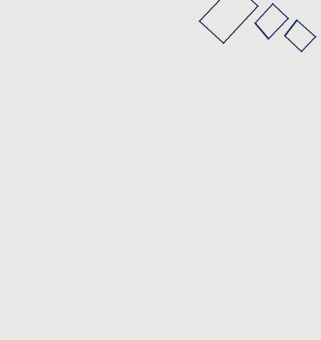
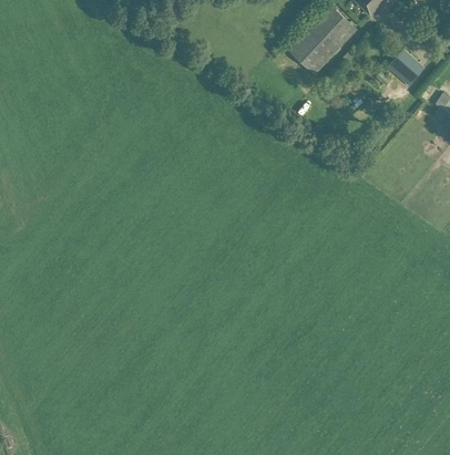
building: [255,4,288,39] -> none

